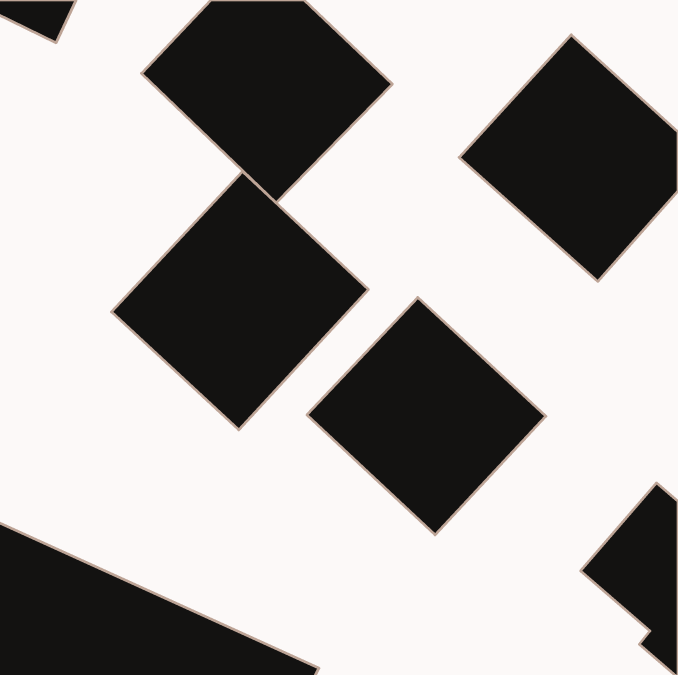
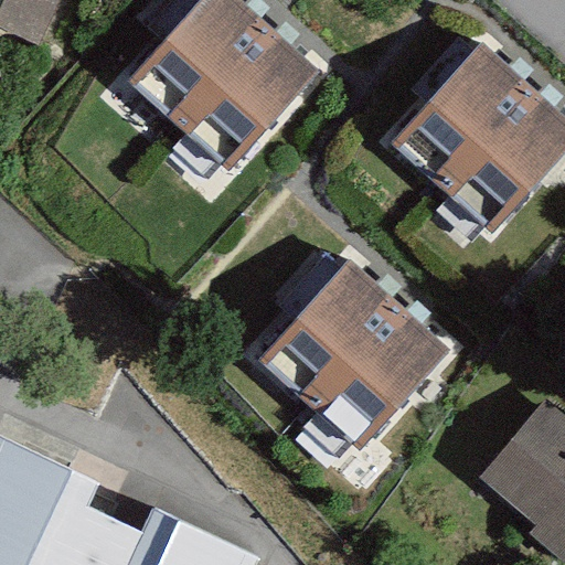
building: [111,171,368,430] -> none

